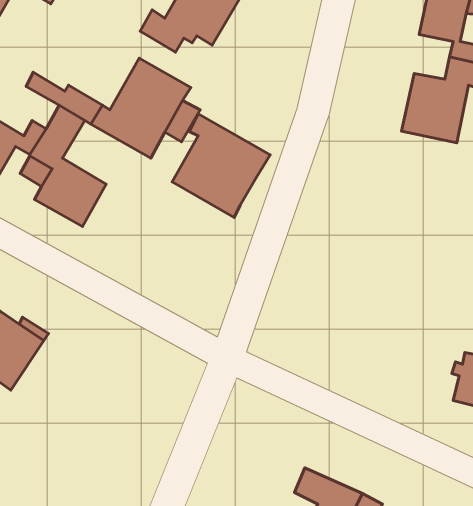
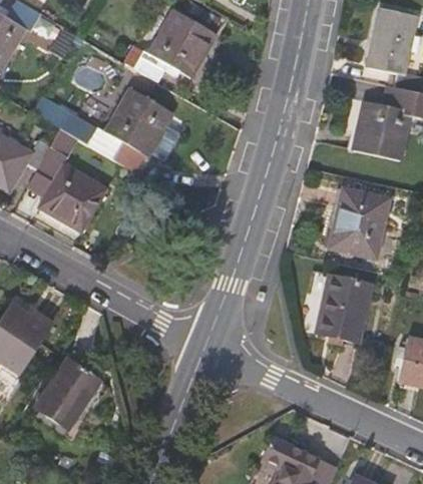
building: [172,114,270,217] -> none
building: none -> [330,188,388,257]
building: none -> [315,275,371,343]
building: none -> [34,357,99,429]

